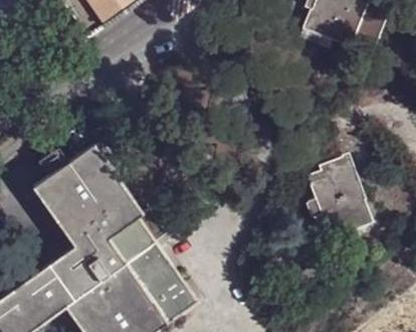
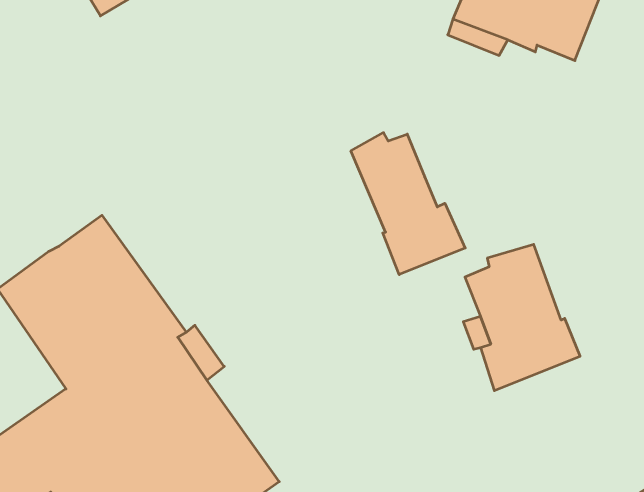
building: none -> [351,133,465,275]

